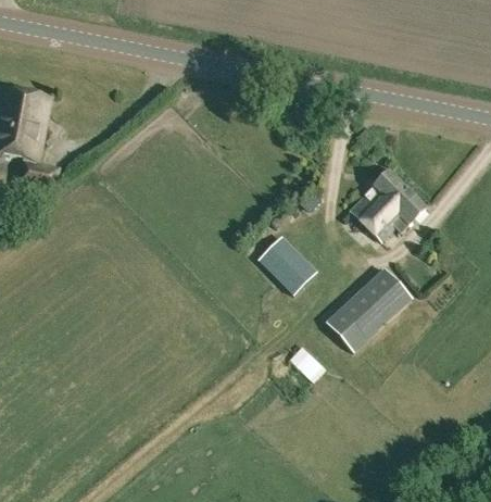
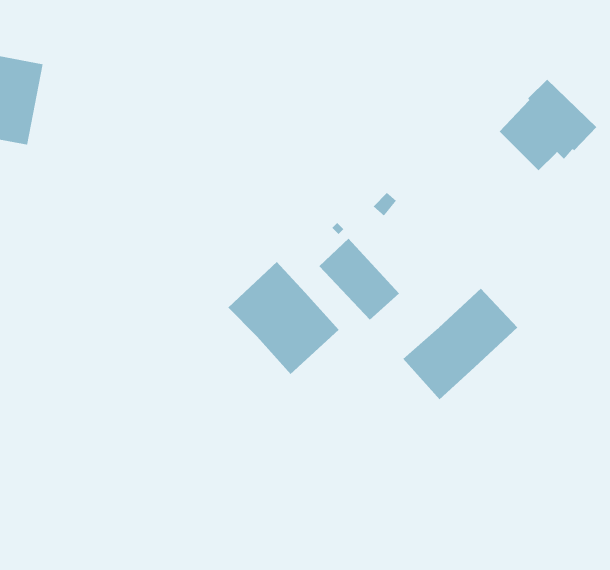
building: [350,171,425,241] -> [499,79,597,171]
building: none -> [227,261,340,375]

